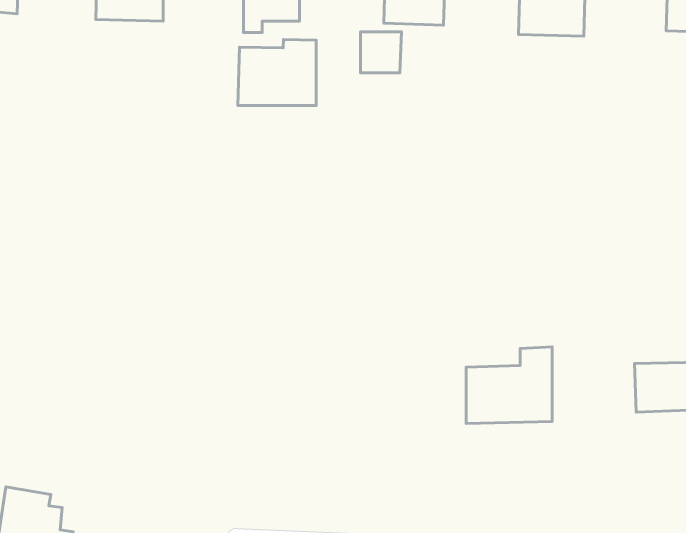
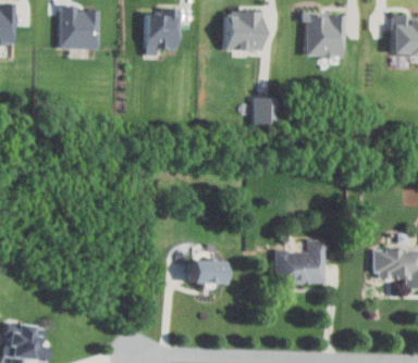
building: [360,32,402,73] -> [253,99,276,123]
building: [238,40,316,106] -> none
building: none -> [190,259,224,283]

